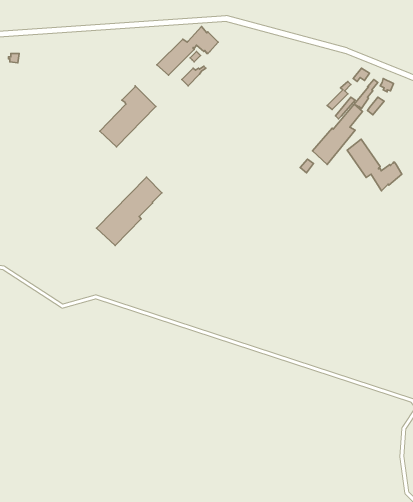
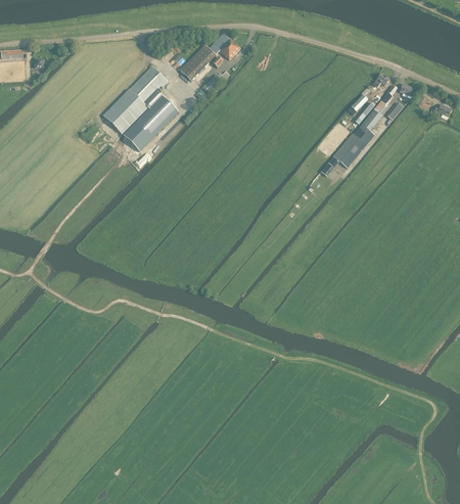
building: [347,139,402,191] -> none
building: [97,177,162,246] -> [102,65,167,133]

